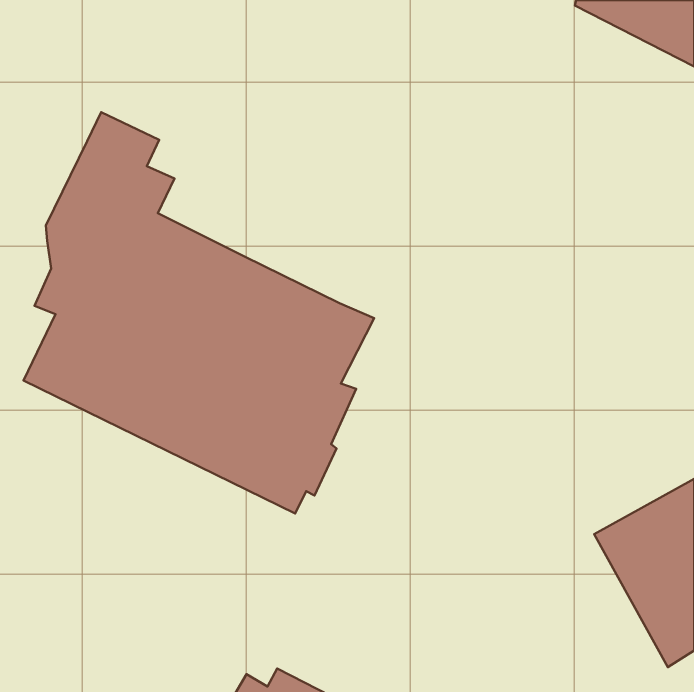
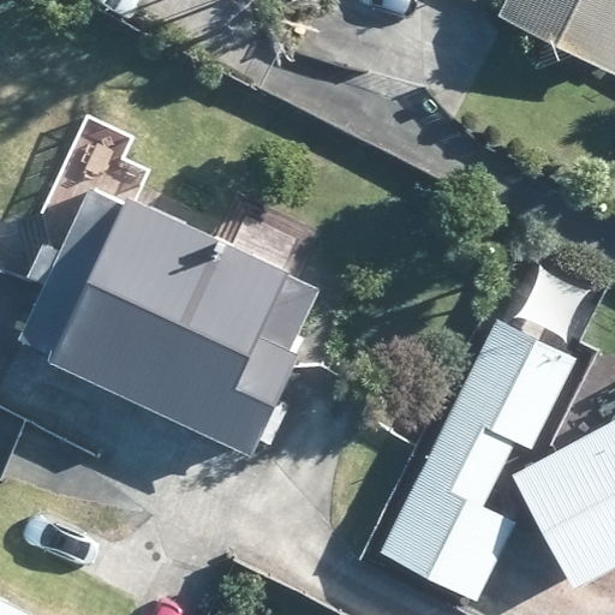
building: none -> [377,321,575,604]

